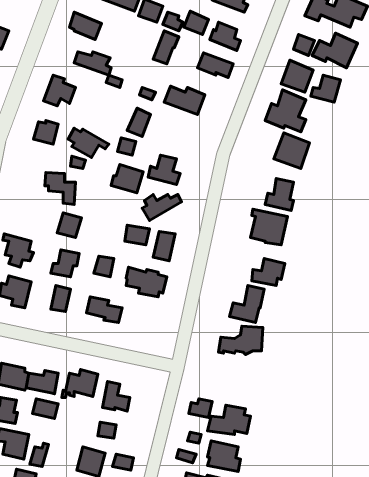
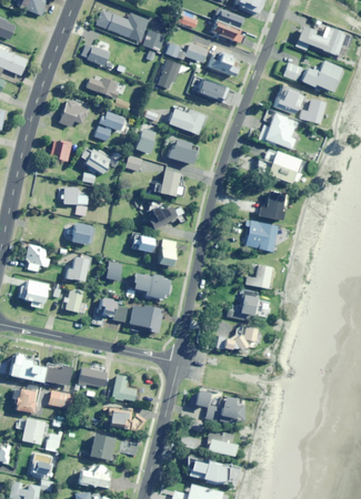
building: none -> [96,111,126,141]
building: [111,165,143,193] -> [168,139,197,164]
building: none -> [130,304,162,333]

